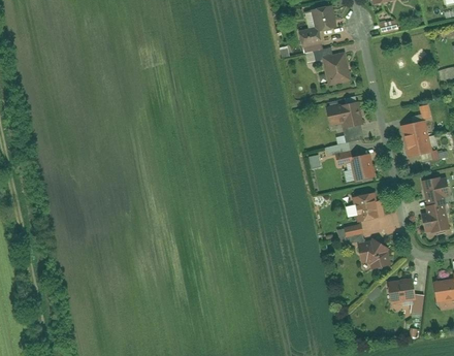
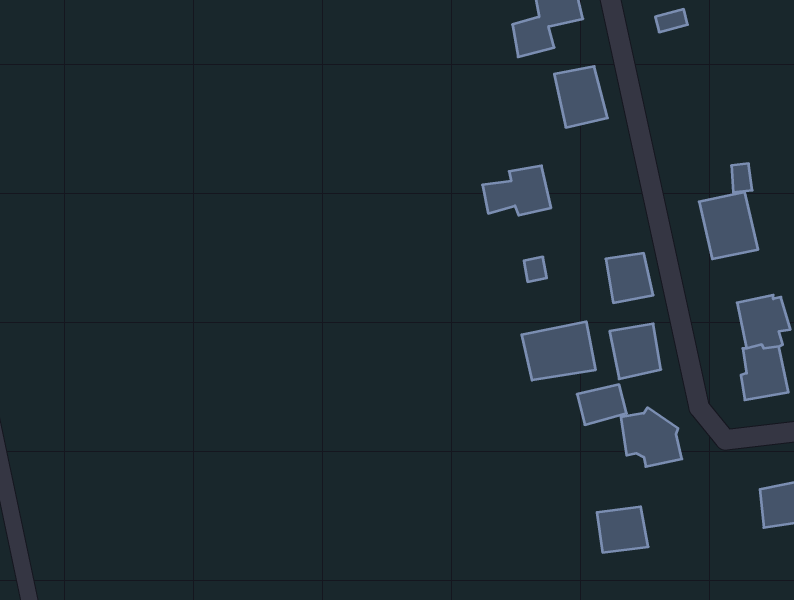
building: [326,101,363,128] -> [482,166,551,215]
building: none -> [522,322,595,380]
building: [388,279,416,303] -> [597,507,648,552]

